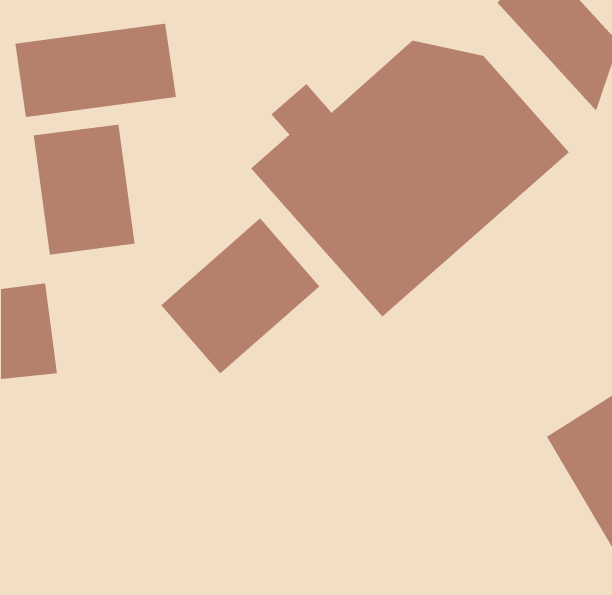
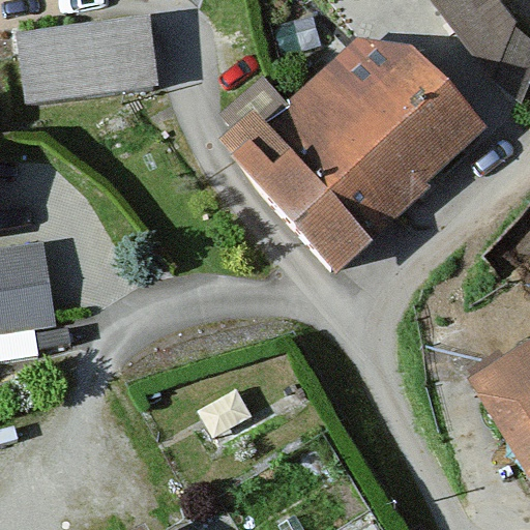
building: [33,124,136,255] -> none
building: [160,217,320,375] -> none

